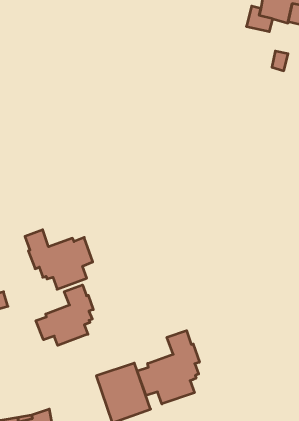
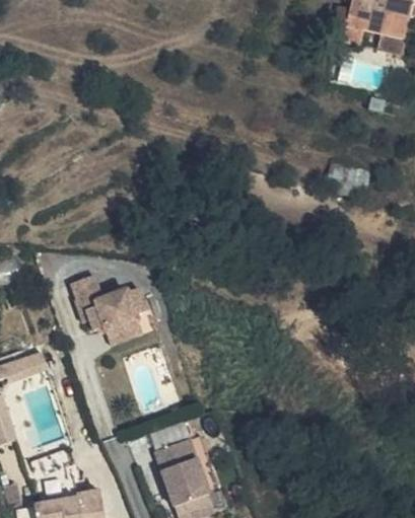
building: [36,285,93,345] -> none
building: [137,331,199,404] -> none

